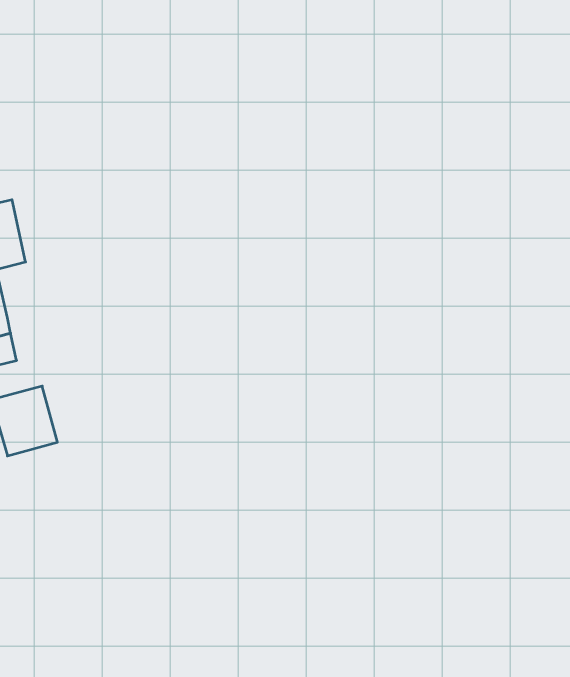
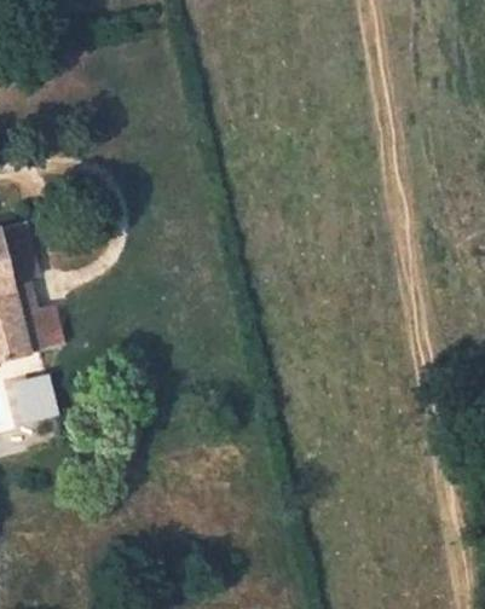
building: none -> [18,307,60,350]

